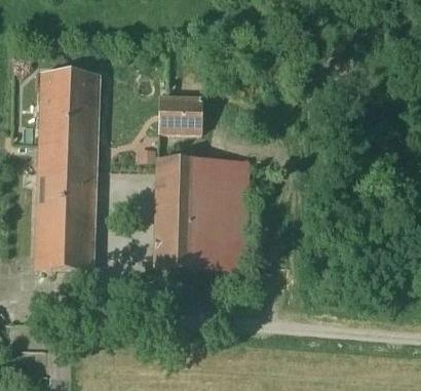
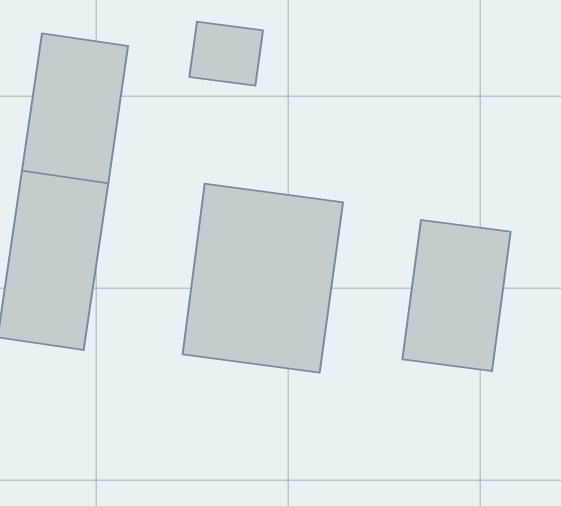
building: [158,95,202,132] -> [189,22,263,86]
building: none -> [403,220,510,371]

